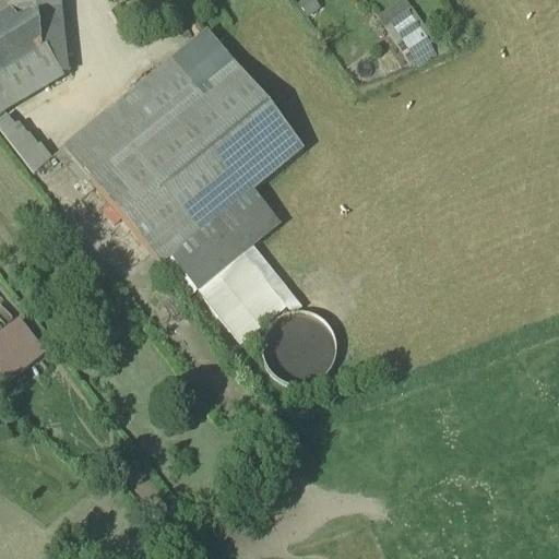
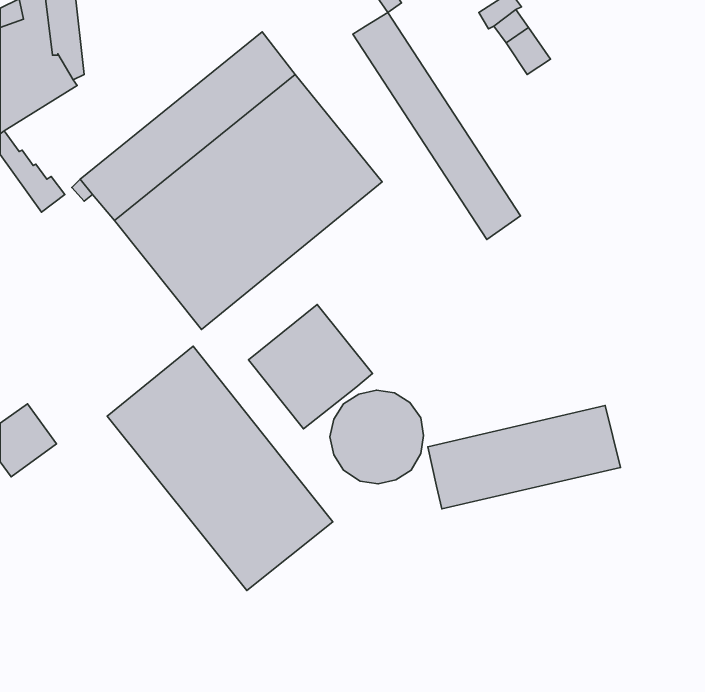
building: none -> [353,12,521,239]
building: [159,188,276,294] -> none
building: none -> [107,346,333,591]
building: none -> [428,406,621,509]

